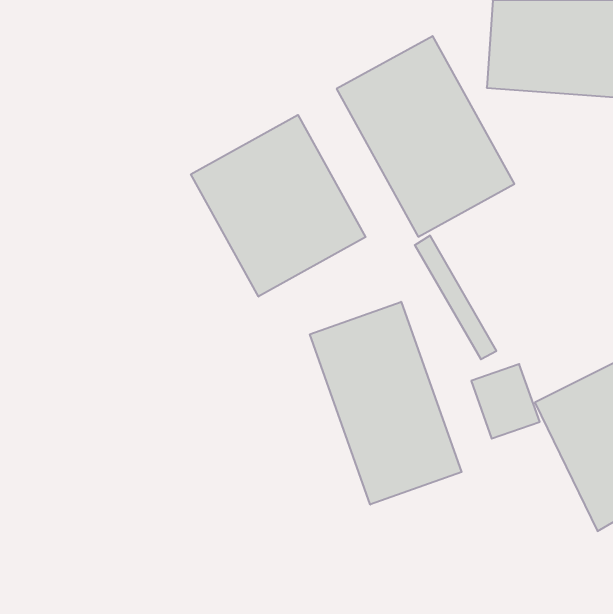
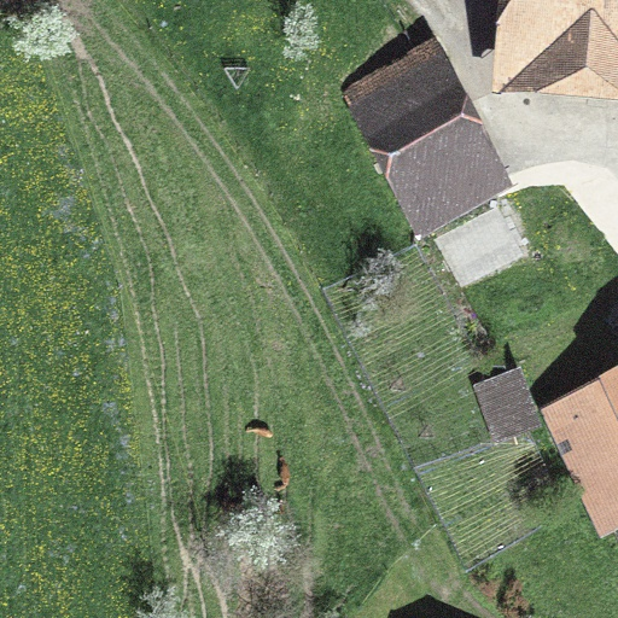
building: [191,115,366,297] -> none
building: [310,302,462,505] -> none

